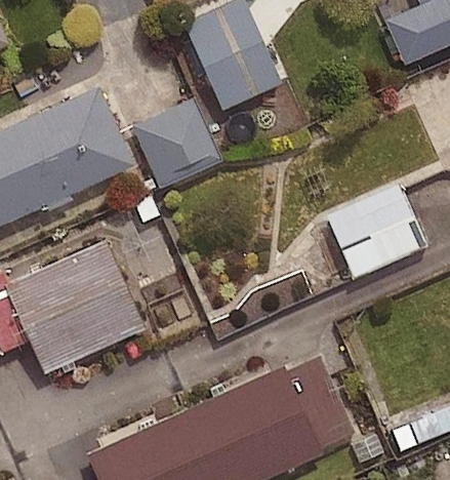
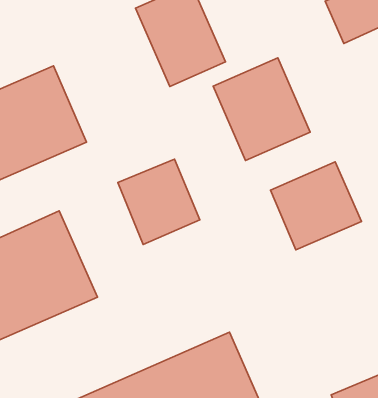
building: none -> [213,58,310,160]
building: [135,103,221,192] -> [118,159,200,244]

